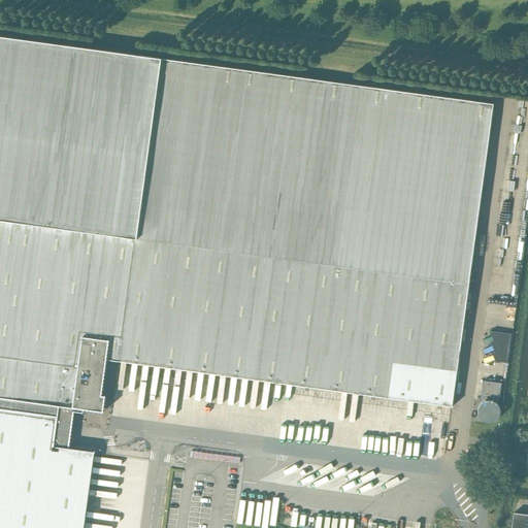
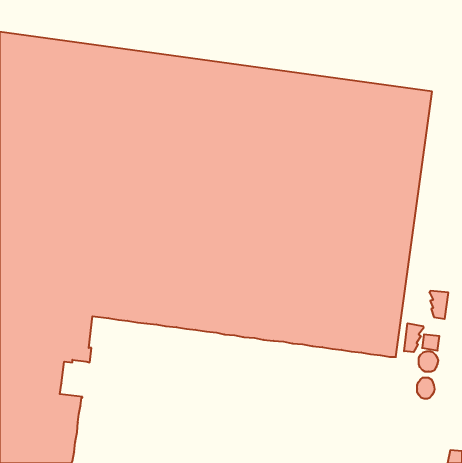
building: none -> [404,323,423,352]
building: none -> [417,378,435,399]

